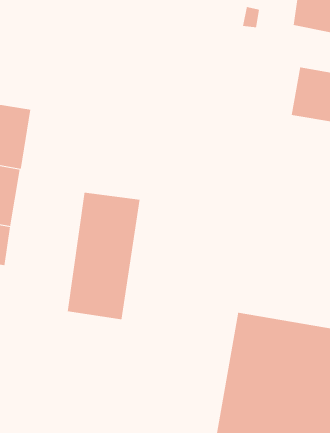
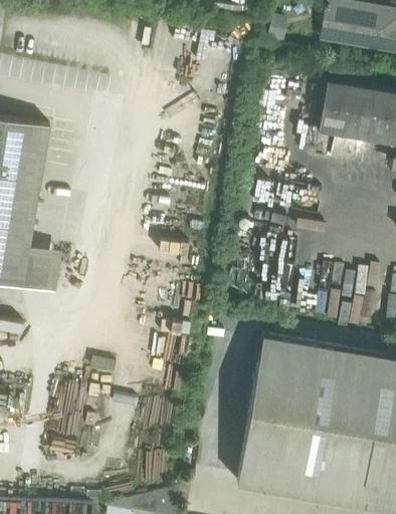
building: [67,192,140,320] -> none
building: none -> [23,248,57,292]

